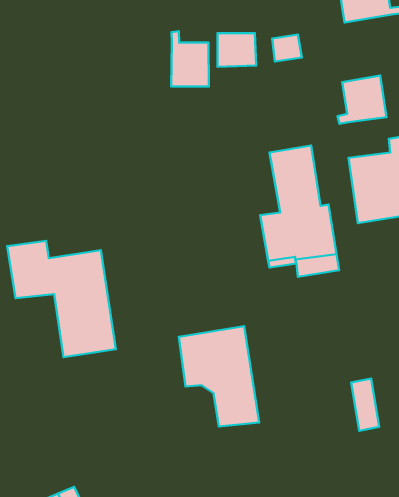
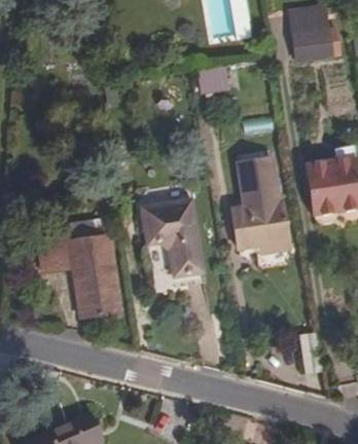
building: [171,31,209,87] -> none
building: [337,76,386,124] -> none
building: [179,326,259,427] -> [143,198,205,275]

